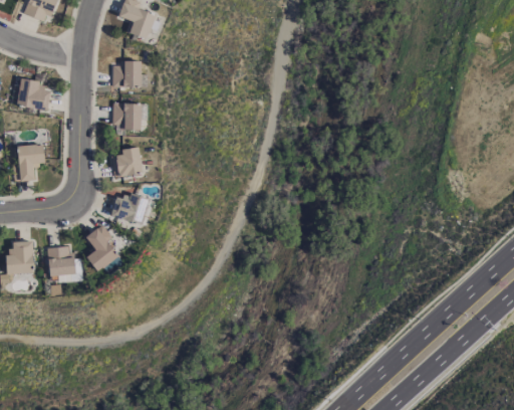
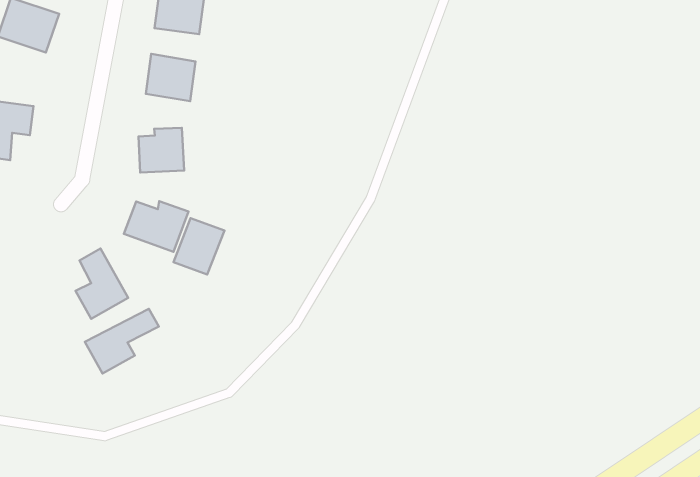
building: none -> [173,218,224,274]
building: [48,246,75,275] -> none
building: none -> [85,309,159,373]

